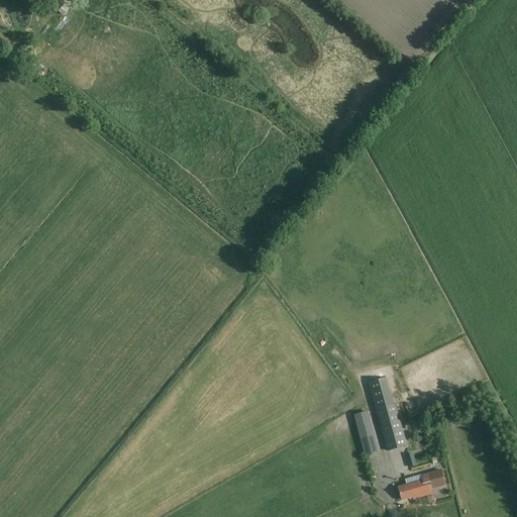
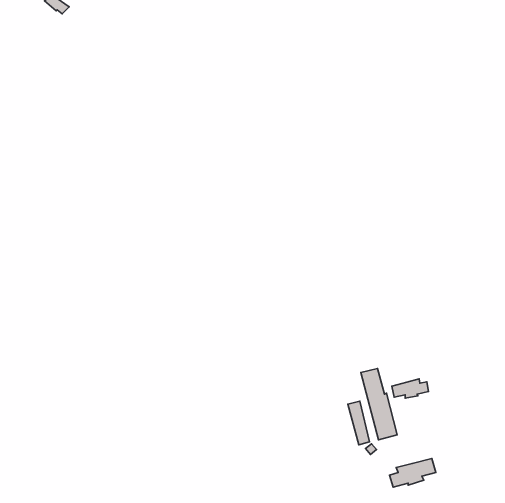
building: none -> [392,379,429,398]

